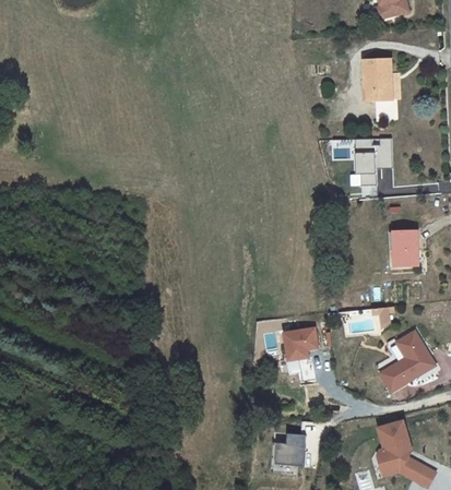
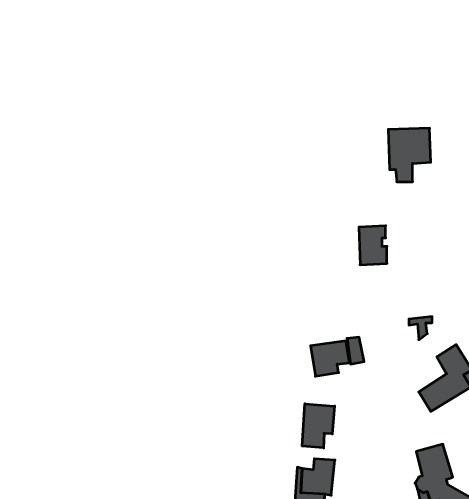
building: [363,59,396,120] -> none
building: [392,230,417,265] -> [359,226,387,265]
building: none -> [302,404,335,448]

